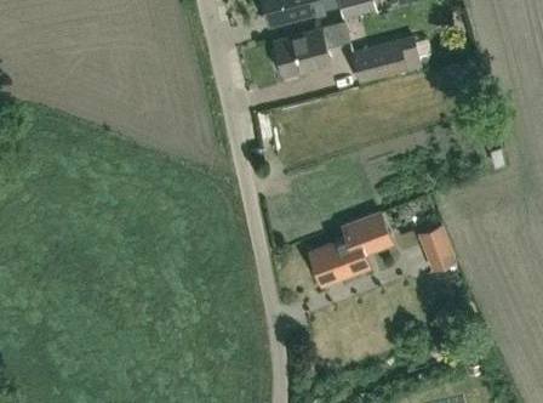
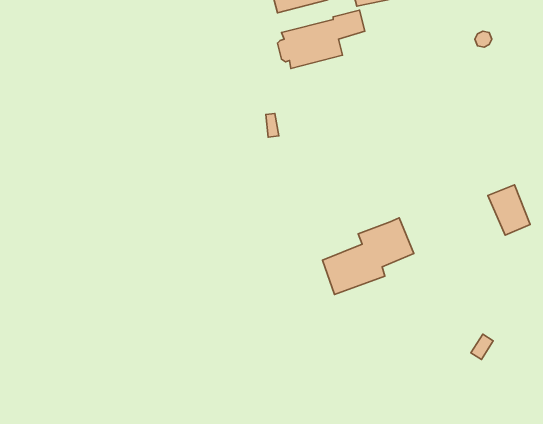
building: [350,38,419,83] -> none
building: [416,225,455,271] -> [488,185,530,235]

